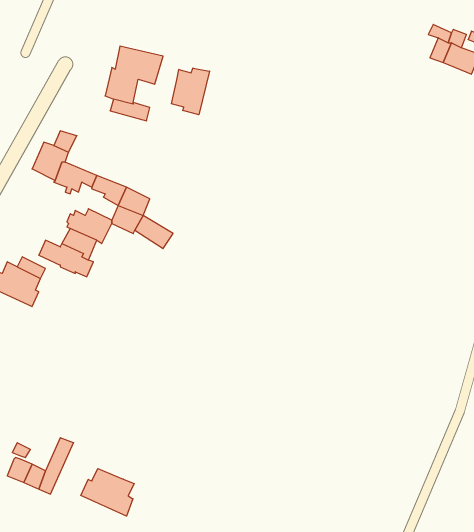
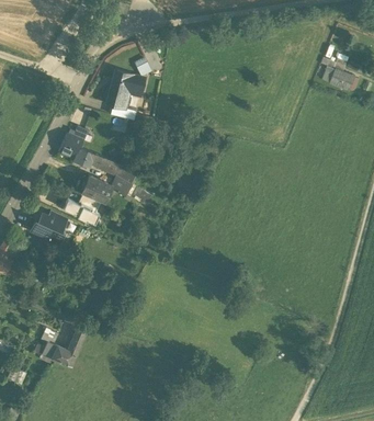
building: [172,68,210,115] -> none
building: [81,469,134,516] -> none

